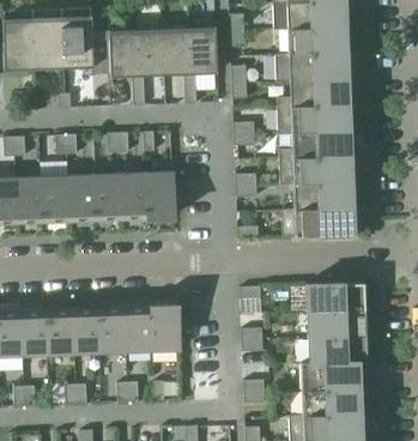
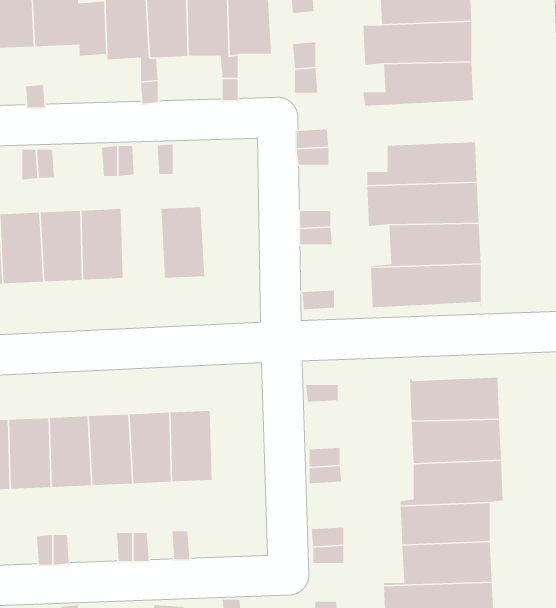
building: [278,103,350,133] -> none
building: [121,173,149,218] -> none

